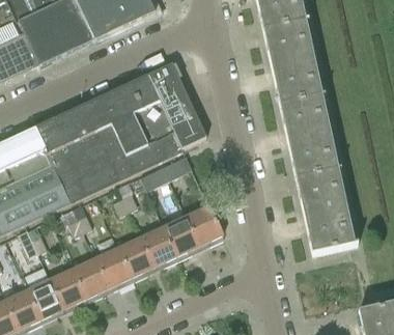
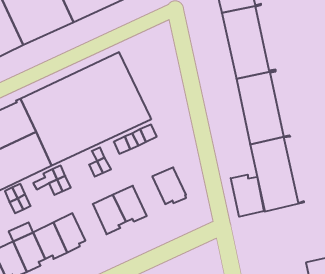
building: [148,63,207,148] -> none
building: none -> [231,175,264,217]
building: [164,216,200,260] -> none
building: [95,247,134,288] -> none

